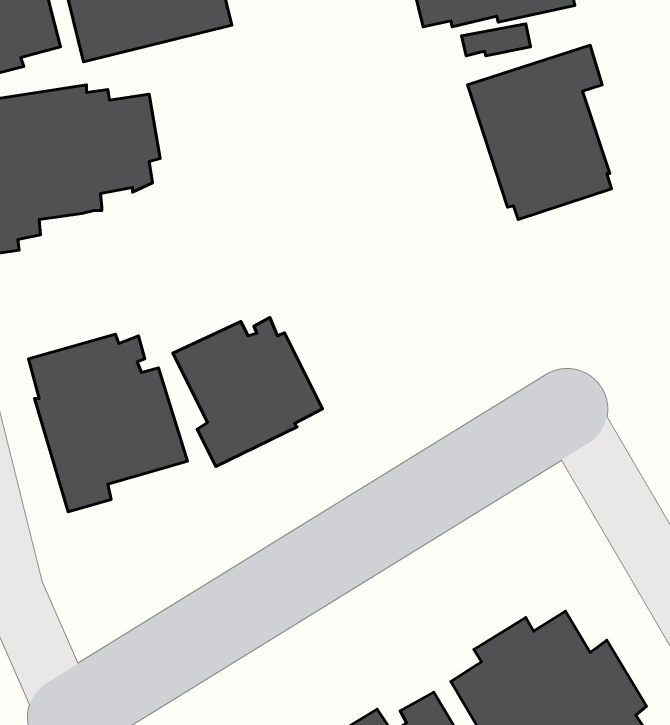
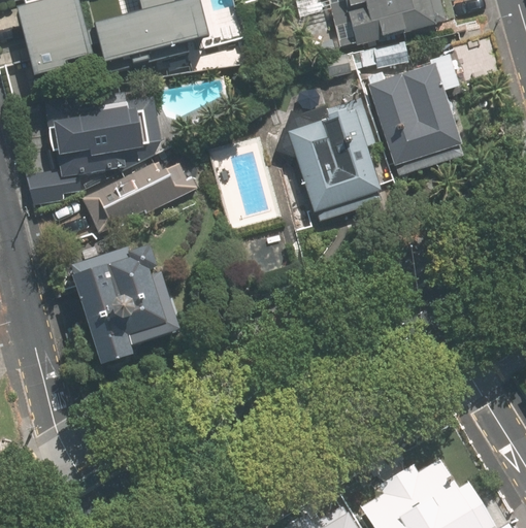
building: none -> [278,105,383,224]
building: none -> [81,157,201,234]
building: [173,317,322,466] -> none

